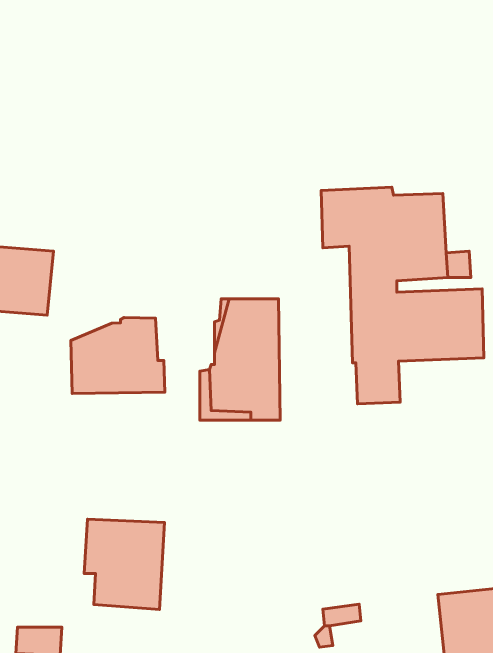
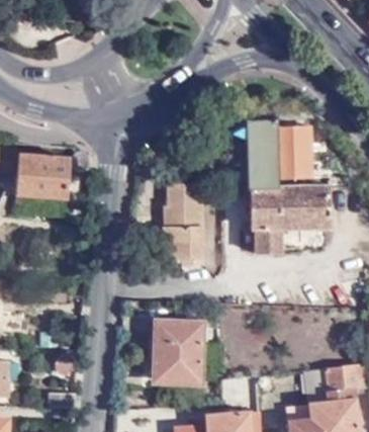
building: [71,318,165,393] -> none
building: [84,519,165,610] -> [153,324,202,379]

